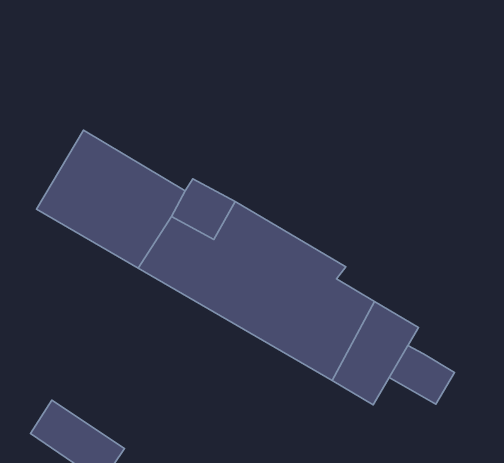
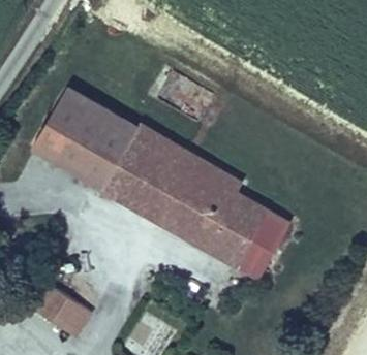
building: [389,346,455,404] -> none

